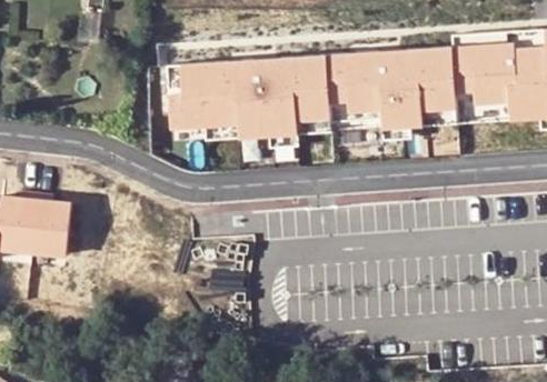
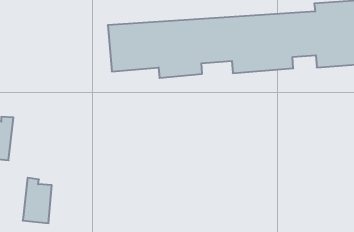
building: [29,194,69,257] -> [23,178,52,223]

